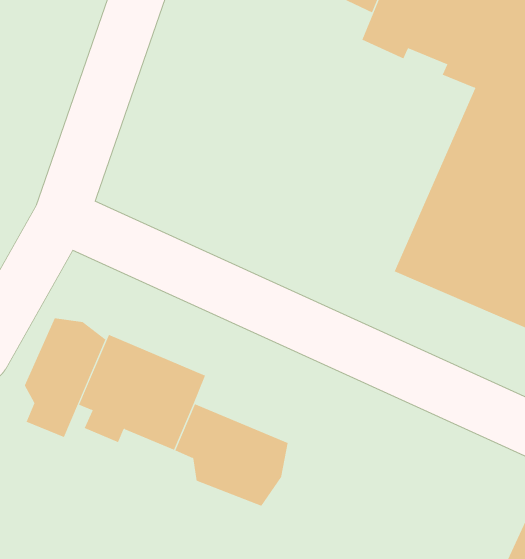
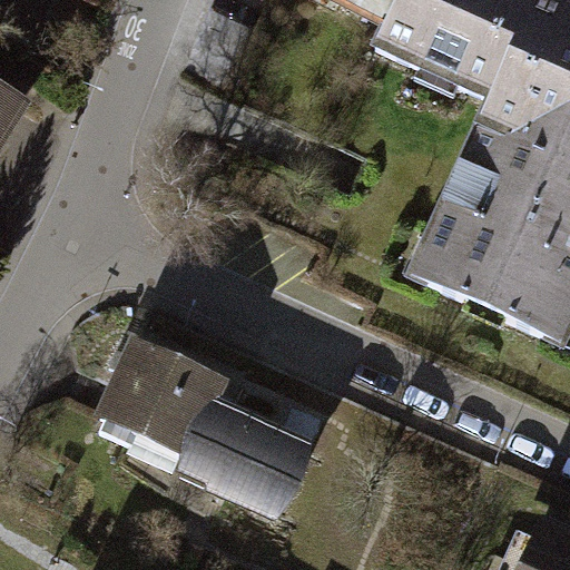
building: [24,318,106,438] -> none

